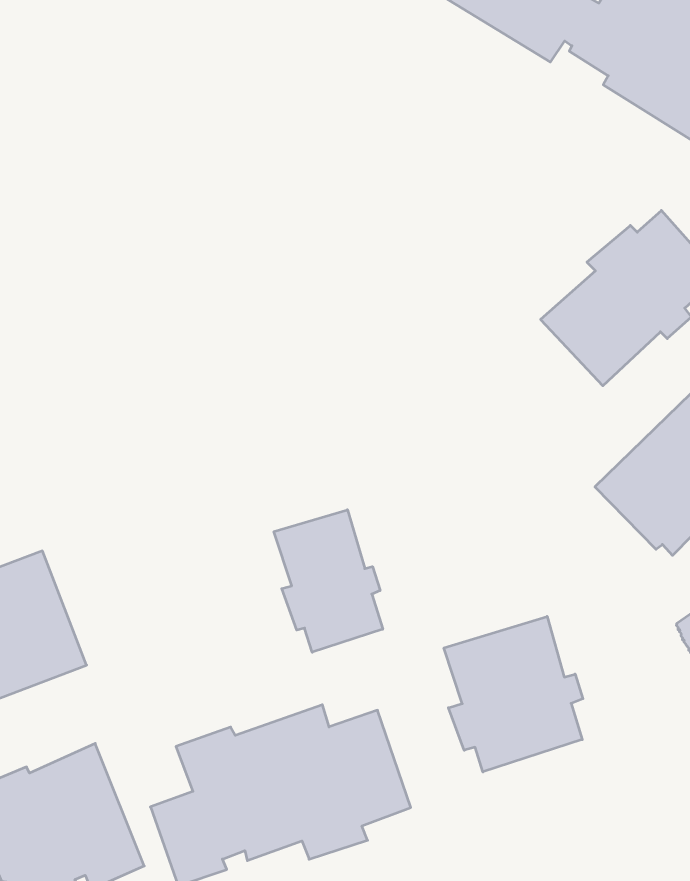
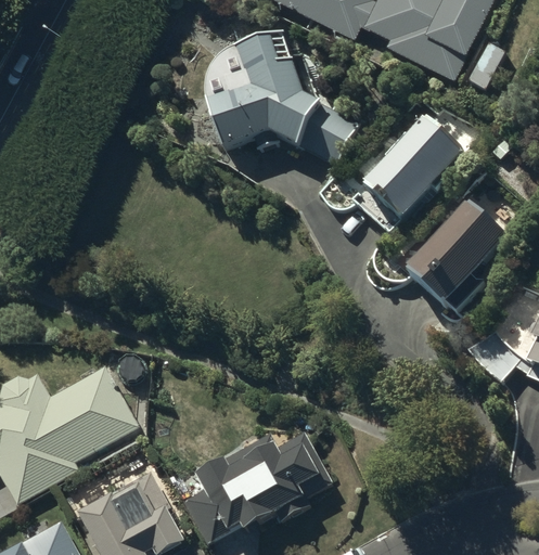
building: none -> [204,50,357,168]
building: [274,510,383,652] -> none
building: [444,616,583,772] -> none

